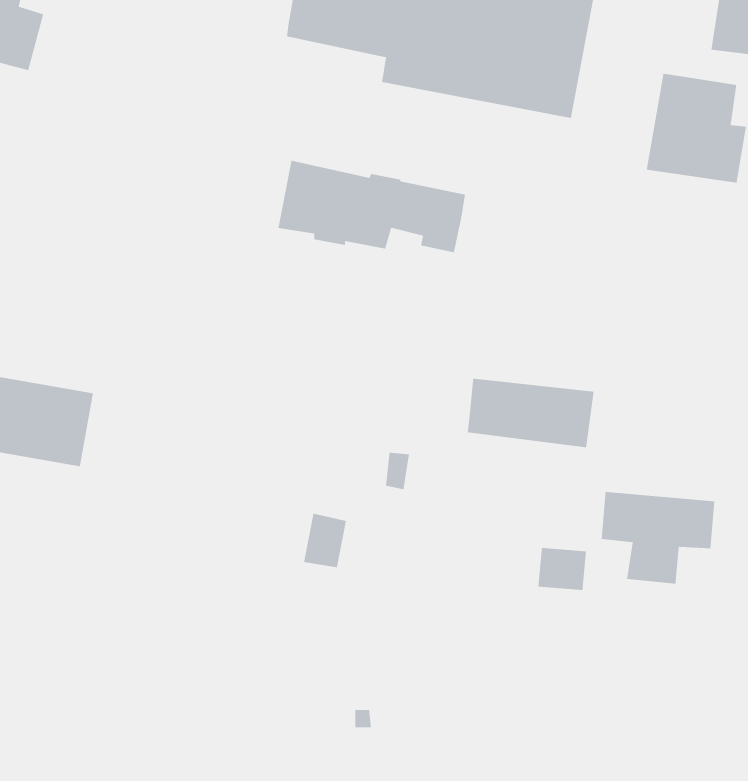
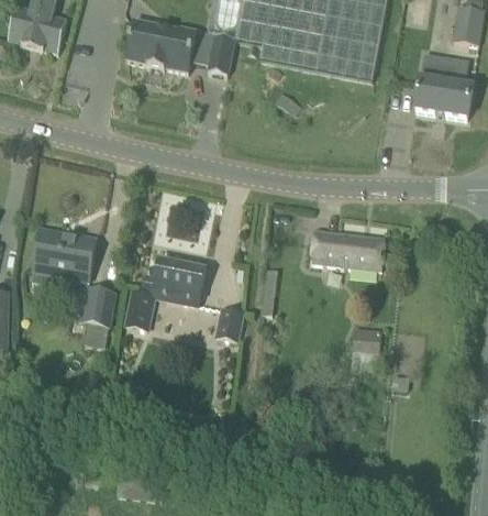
building: [277,160,466,253] -> [125,19,234,73]
building: none -> [125,257,206,329]
building: none -> [80,286,115,347]
building: [601,491,715,584] -> none

